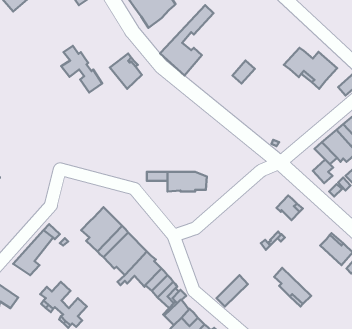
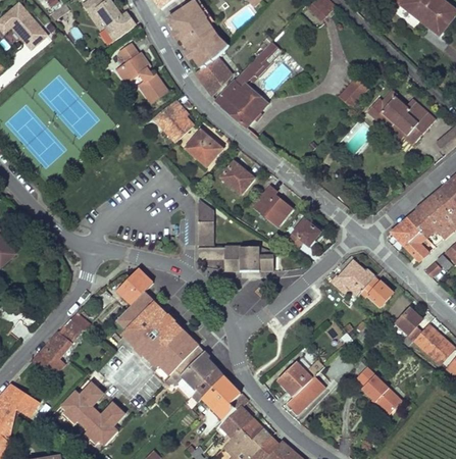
building: none -> [194,56,230,95]
building: [61,46,102,92] -> [115,45,166,103]
building: [233,61,255,84] -> [340,75,367,104]
building: none -> [185,130,220,166]
building: none -> [219,161,254,194]
building: none -> [253,186,291,225]
building: none -> [198,201,213,247]
building: none -> [390,218,419,246]
building: none -> [288,219,319,247]
building: none -> [328,260,373,295]
building: none -> [117,268,153,304]
building: none -> [396,308,421,345]
building: none -> [276,354,323,396]

